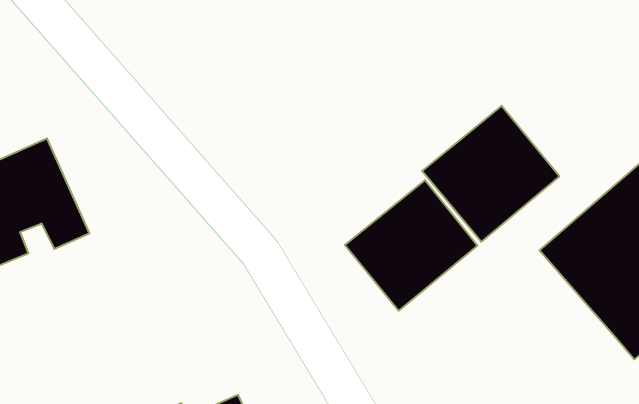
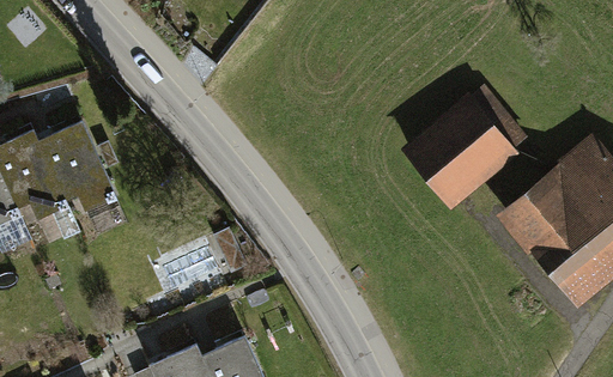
building: [345,180,478,311] -> none

